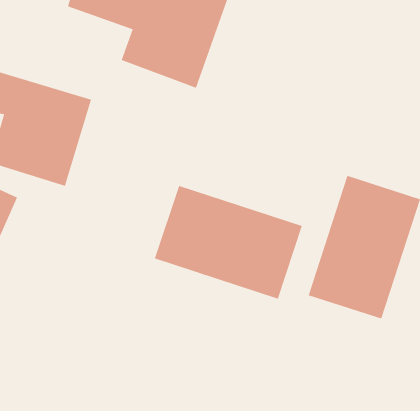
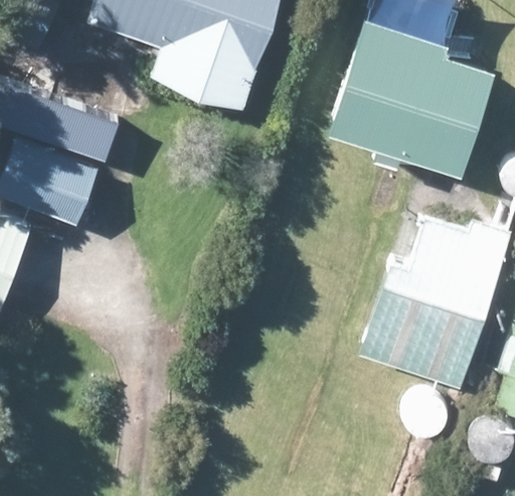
building: none -> [328,22,491,176]
building: [154,185,303,299] -> none

